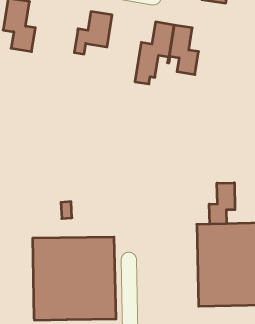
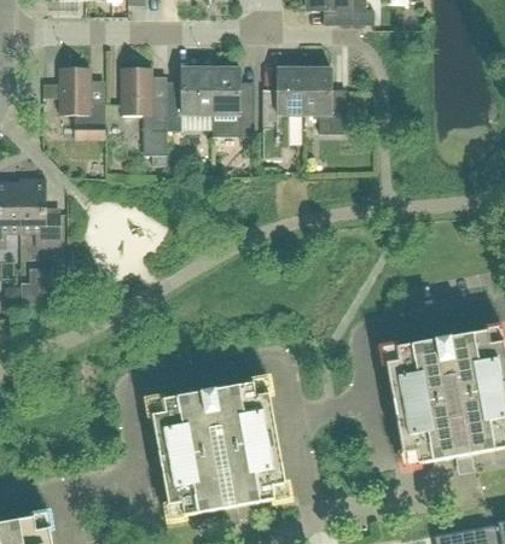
building: none -> [120,66,166,164]
building: none -> [210,66,254,134]
building: [209,183,235,224] -> none

